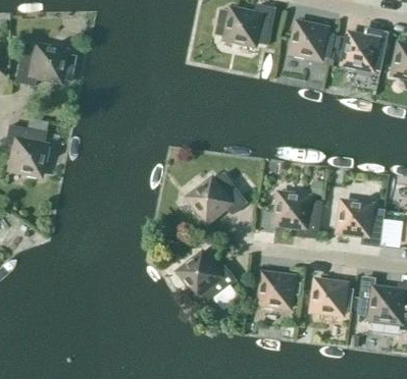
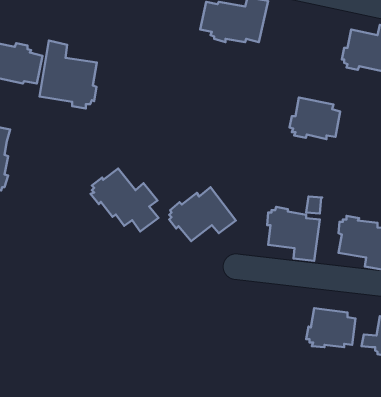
building: [289,21,334,58] -> [290,98,340,139]
building: none -> [40,41,97,109]
building: [177,252,238,308] -> [91,168,159,232]
building: [257,272,301,308] -> none

